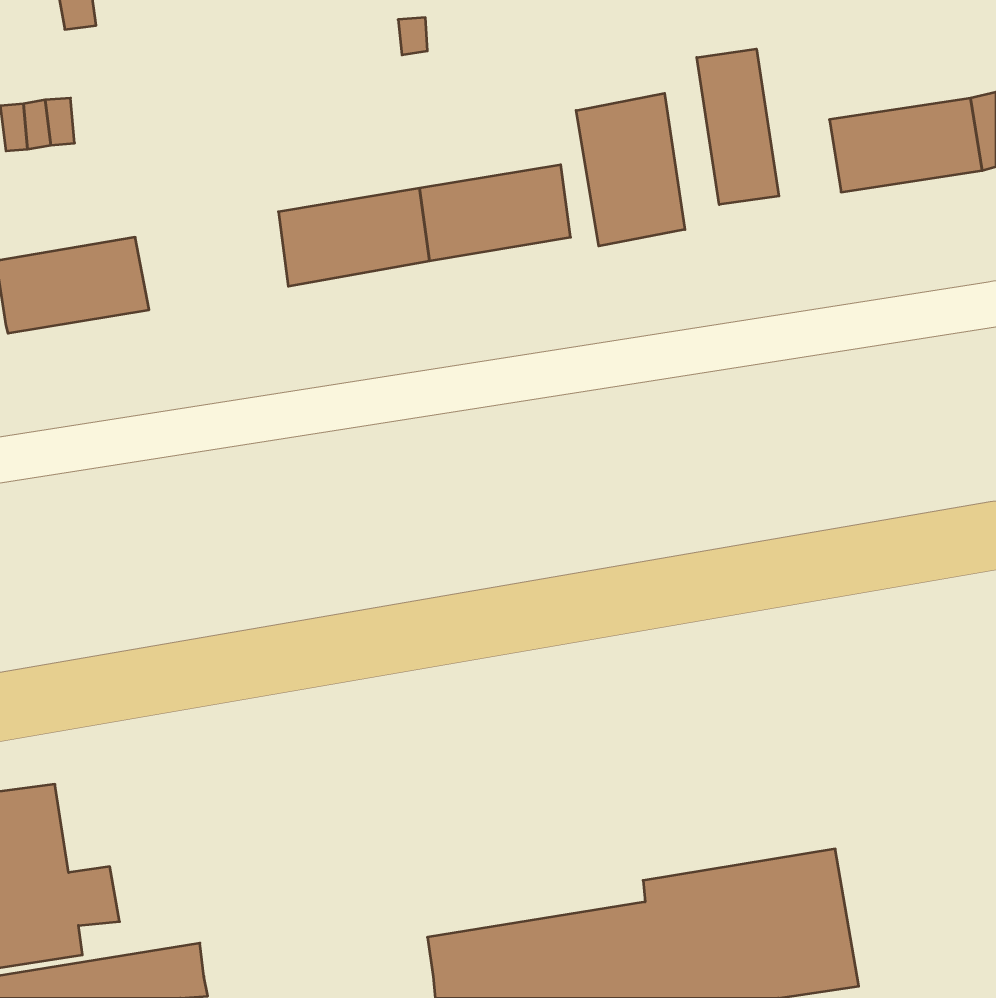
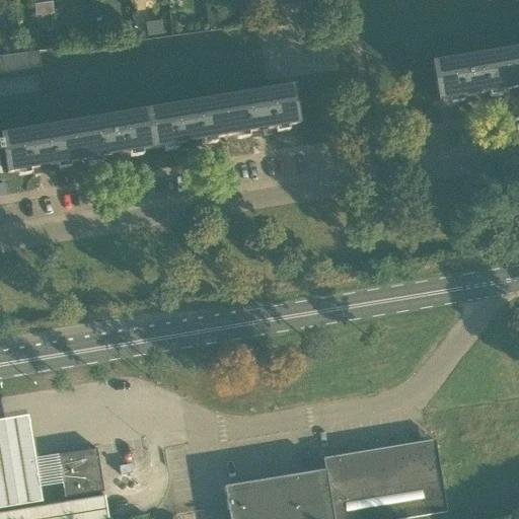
building: [697,49,779,205] -> none
building: [576,93,685,246] -> none
building: none -> [70,109,149,160]
building: none -> [57,442,103,492]

